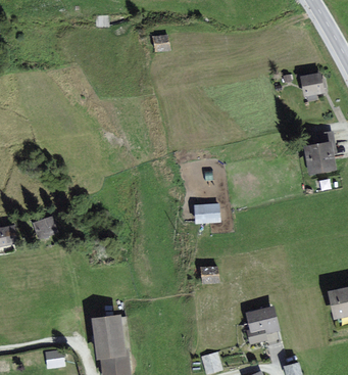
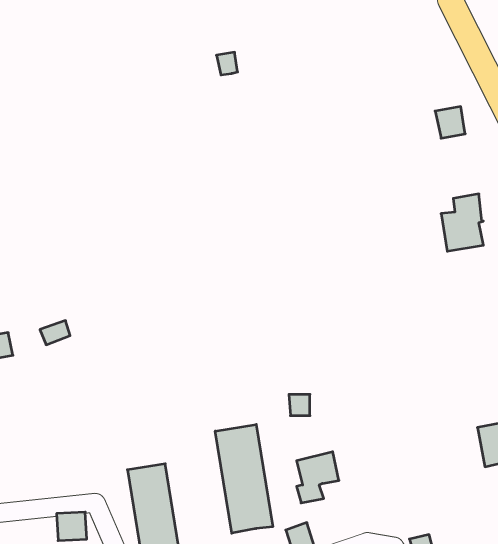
building: [195,203,218,222] -> none
building: none -> [215,424,273,533]
building: [247,308,276,342] -> [297,452,339,503]

